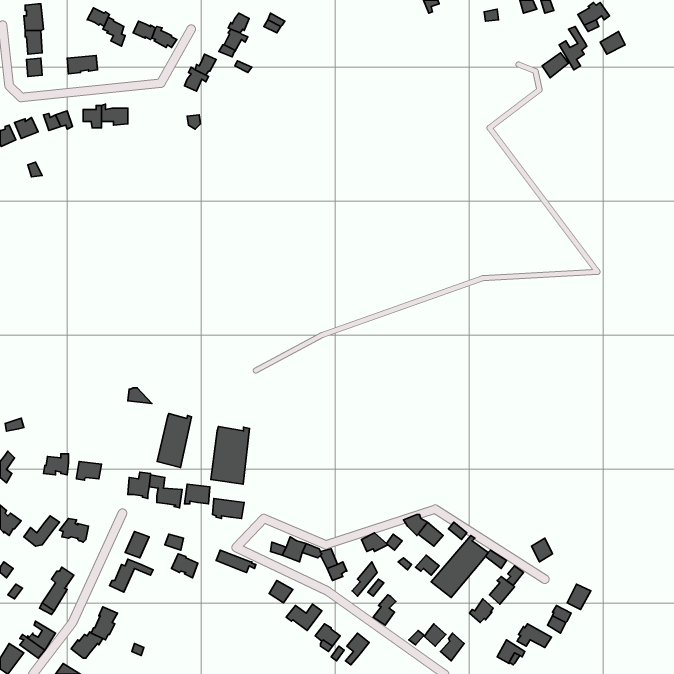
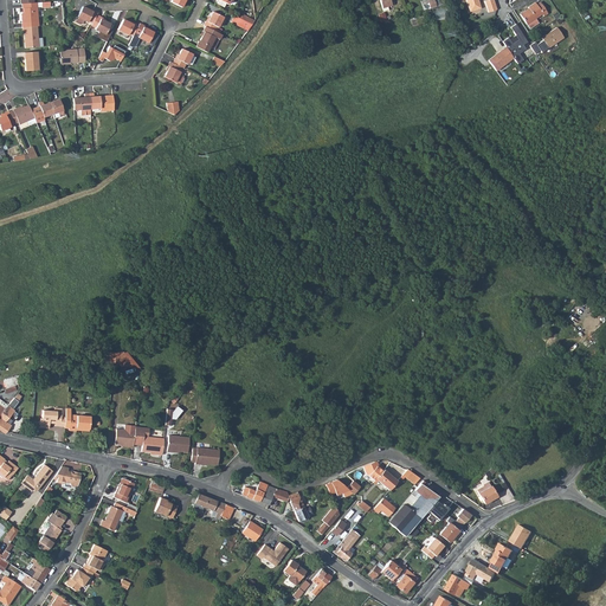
building: [157,413,192,468] -> none
building: [211,426,249,484] -> none

